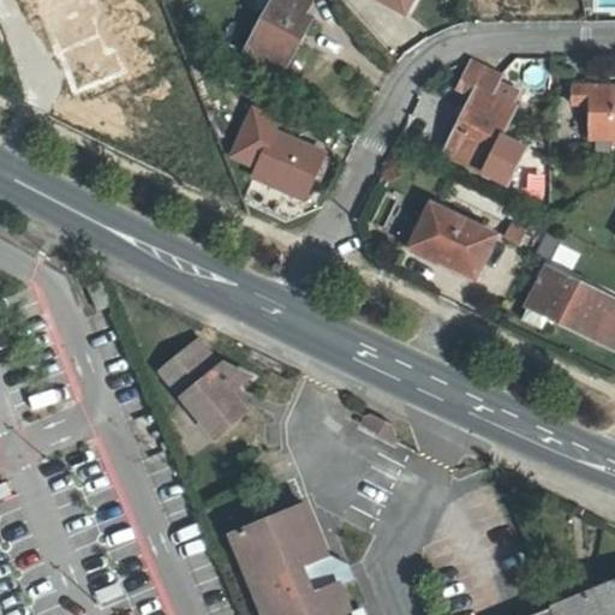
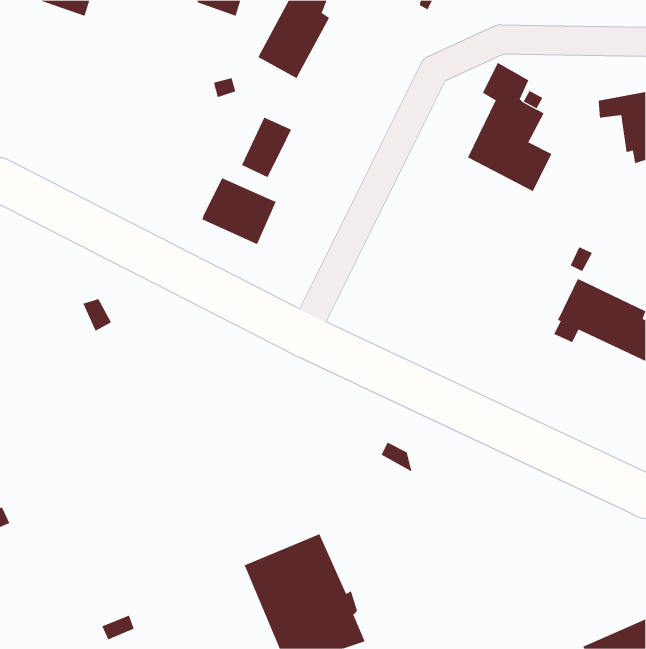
building: [252,132,323,196] -> [202,178,277,245]
building: [411,202,494,274] -> none
building: [157,340,243,437] -> none

